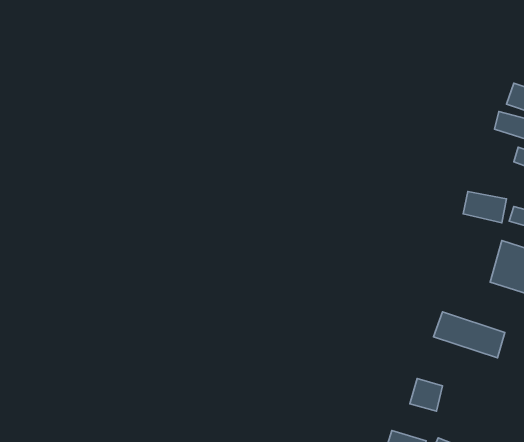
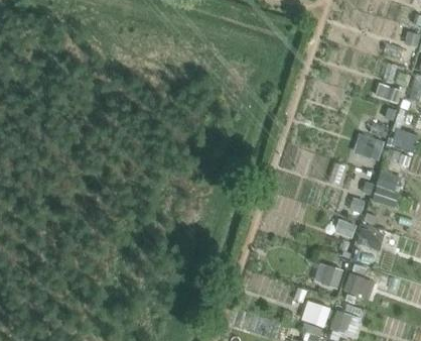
building: none -> [342,272,377,301]

